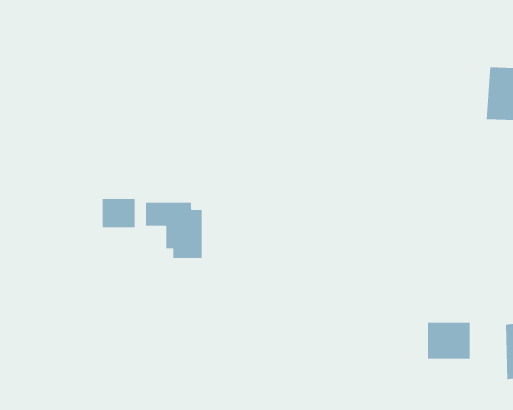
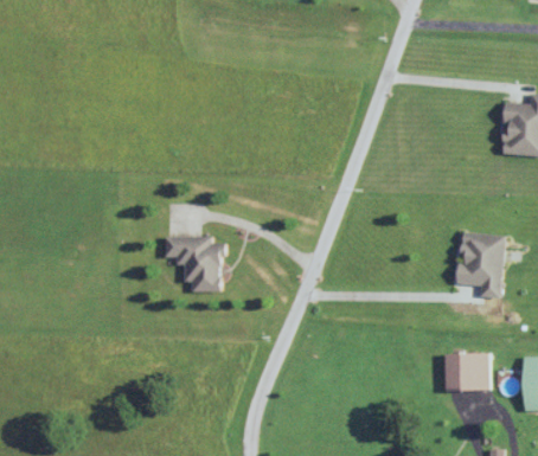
building: none -> [457,231,504,298]
building: [102,198,135,228] -> none

